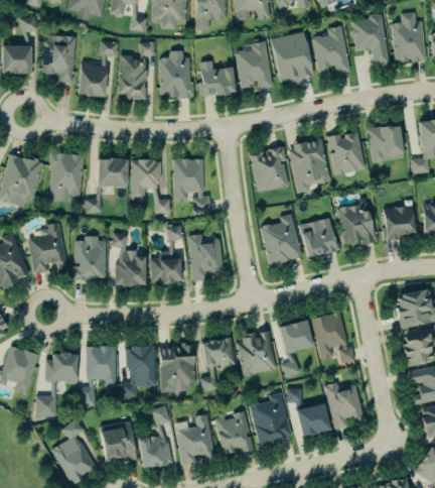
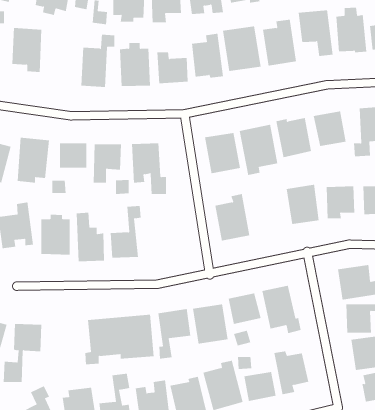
building: [76,41,119,97] -> none
building: [297,217,336,257] -> none
building: [189,234,223,281] -> none
building: [87,345,117,393] -> none

